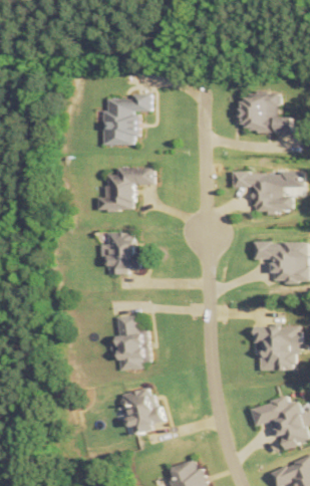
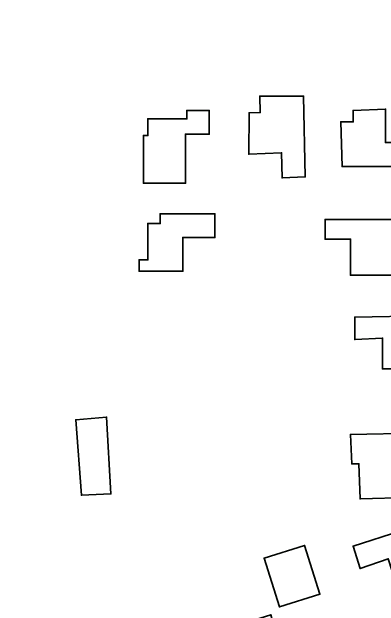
building: none -> [249,96,305,178]
building: [102,232,141,272] -> none
building: [117,314,142,371] -> [76,417,111,495]
building: [122,387,163,431] -> [264,545,320,607]

